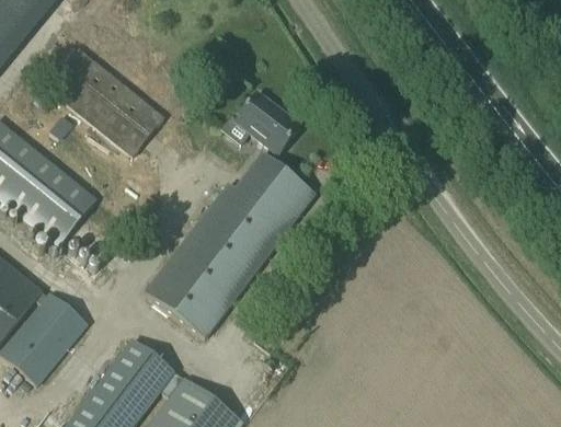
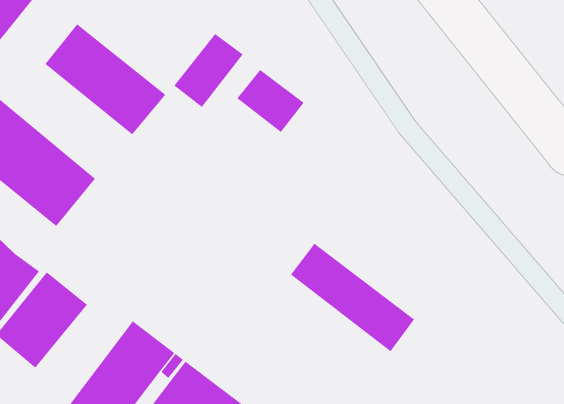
building: none -> [173,33,243,108]
building: [145,152,314,337] -> none
building: none -> [290,243,415,352]

